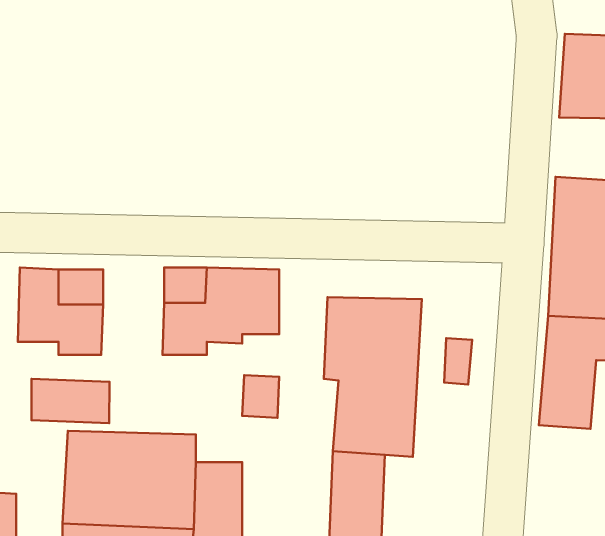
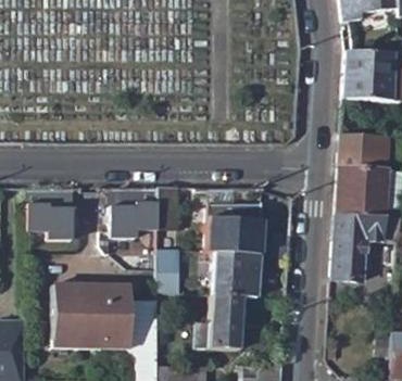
building: [31,379,109,423] -> none

